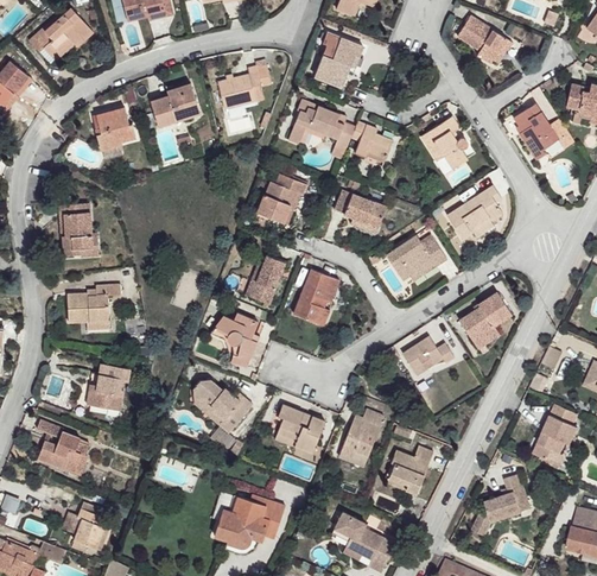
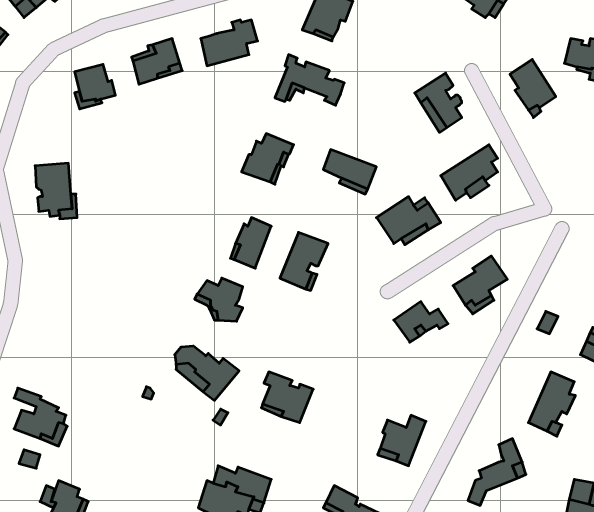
building: [351,121,392,162] -> none
building: [68,284,121,323] -> none
building: [84,363,129,410] -> none
building: [341,409,383,457] -> none

